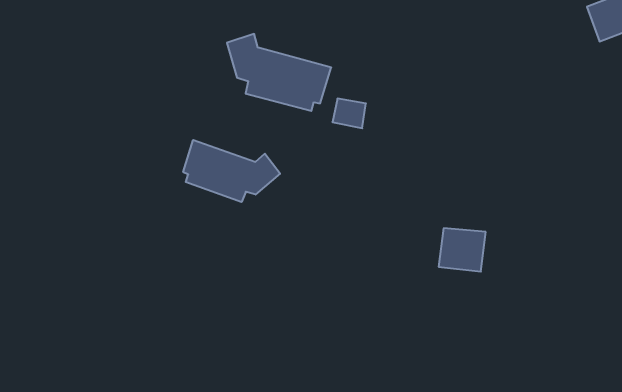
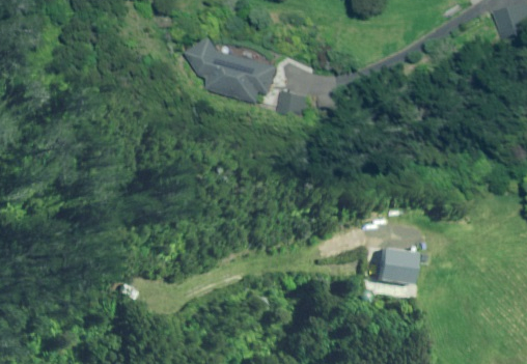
building: [183,140,280,202] -> none
building: [439,228,486,272] -> [372,247,412,283]

